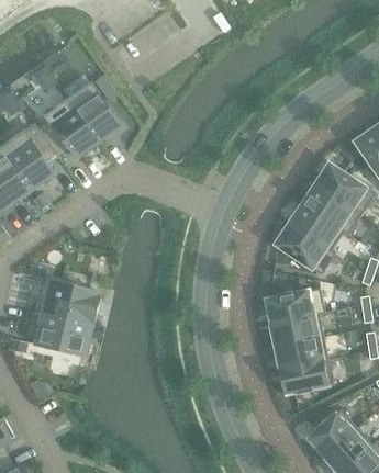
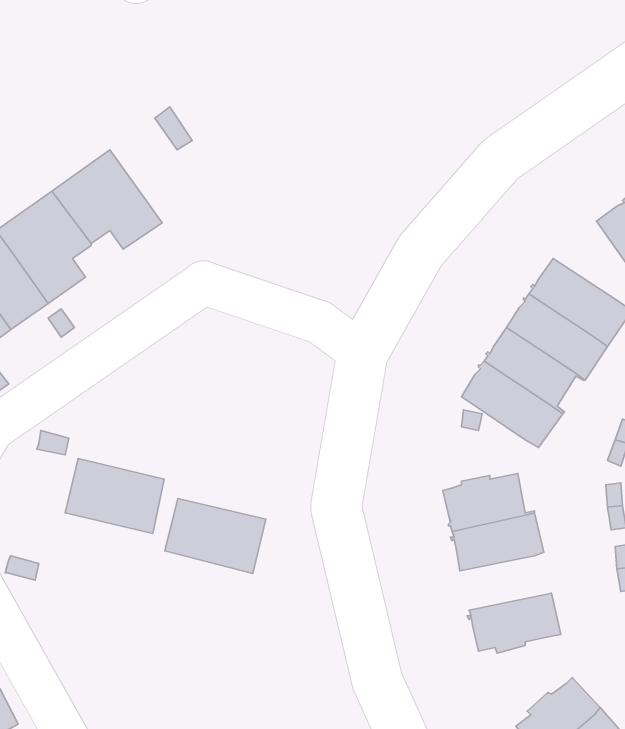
building: [67,83,120,143] -> none
building: [33,313,92,357] -> [165,499,266,573]
building: [272,336,326,370] -> none

